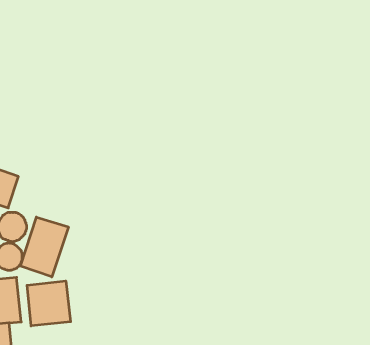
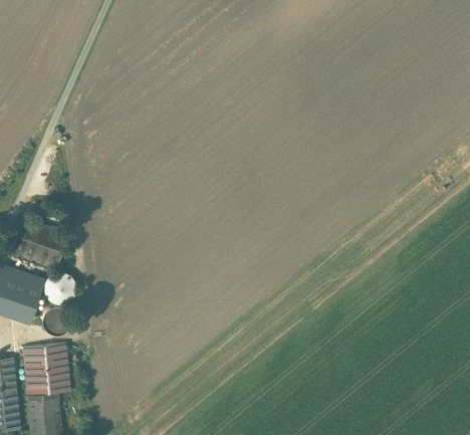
building: [20,217,68,277] -> none
building: [27,281,71,326] -> none

